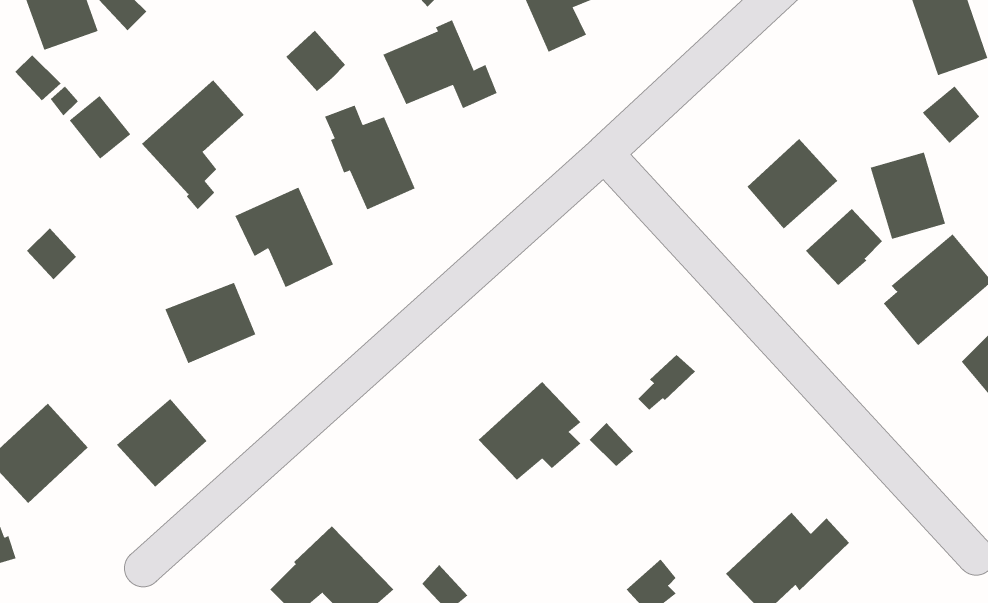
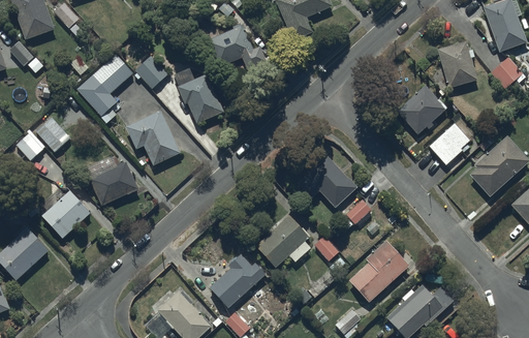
building: [286,30,346,92] -> [135,56,167,89]
building: [69,95,131,160] -> [36,118,69,152]
building: [870,152,946,239] -> [437,41,477,88]
building: none -> [298,157,355,207]
building: [116,398,208,488] -> [40,191,89,239]
building: none -> [349,241,408,301]
building: none -> [210,254,267,308]

